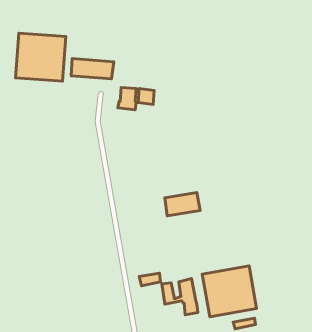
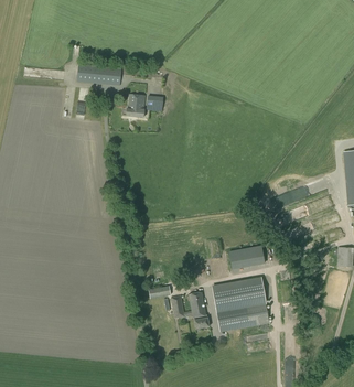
building: [16,33,66,81] -> none
building: [165,192,200,216] -> [228,245,265,269]

